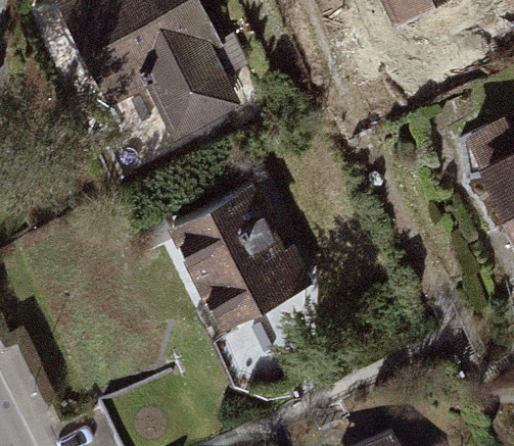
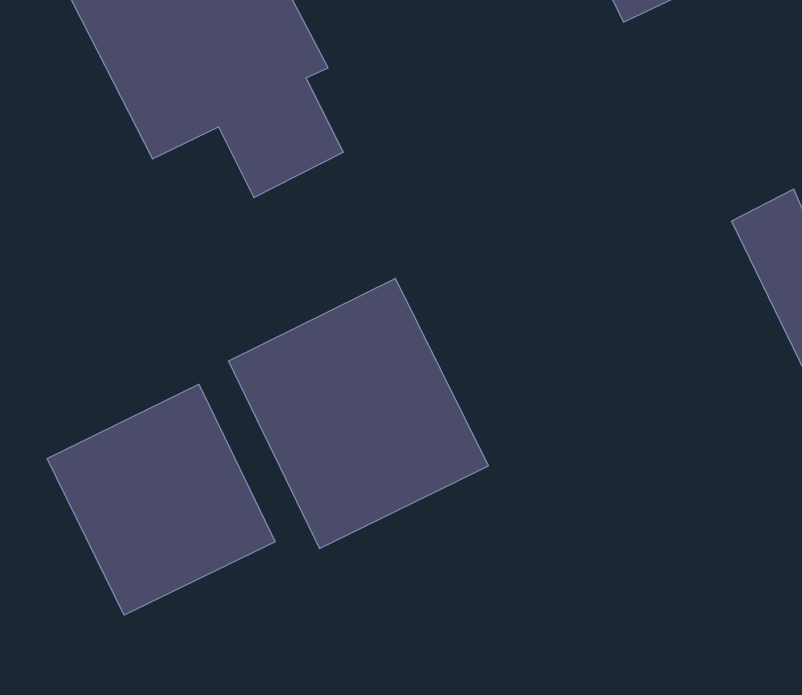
building: none -> [47,384,275,615]

